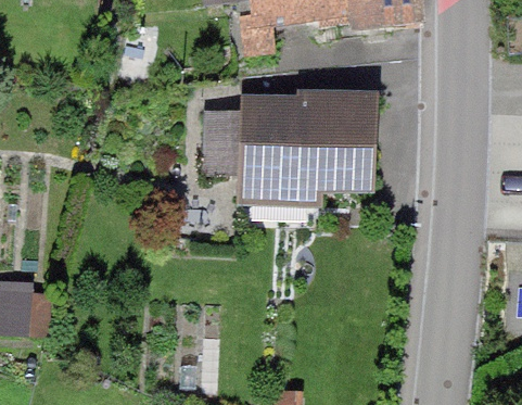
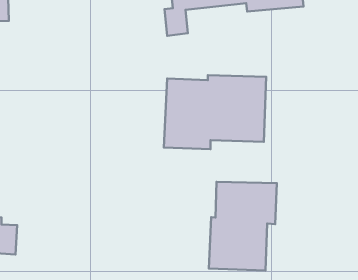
building: none -> [209,182,277,270]

